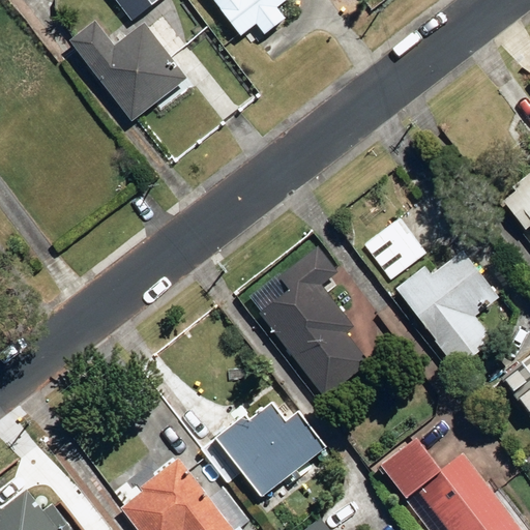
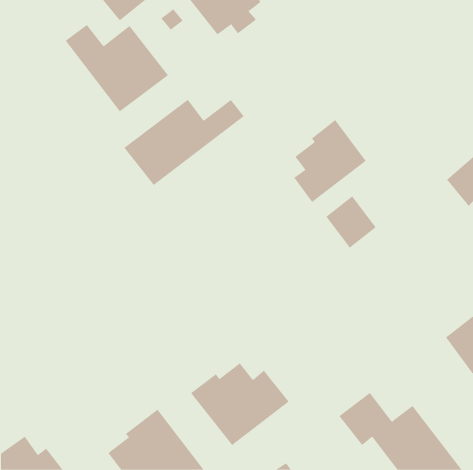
building: none -> [124,99,245,186]
building: none -> [293,119,366,203]
building: [259,245,370,396] -> none
building: [395,249,498,366] -> none

